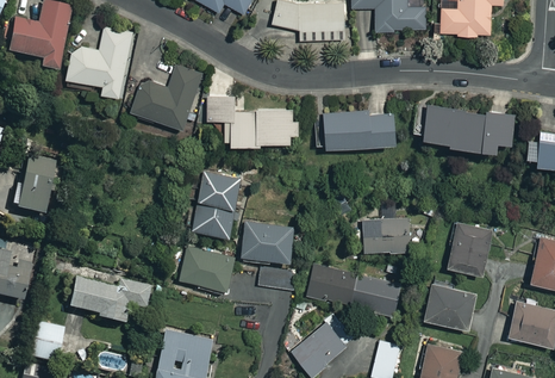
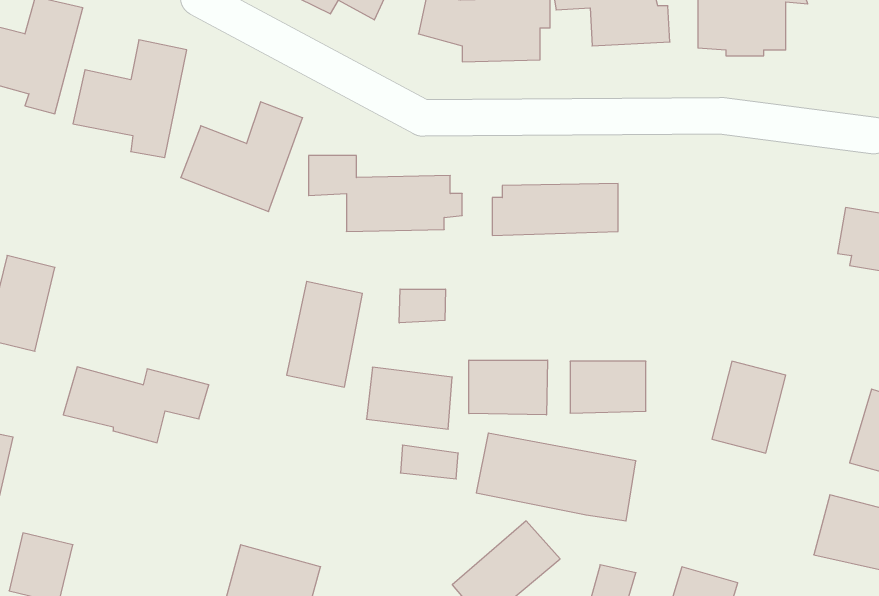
building: [416,104,515,147] -> none
building: none -> [399,289,445,323]
building: none -> [469,360,548,415]
building: [182,248,235,289] -> none
building: [67,278,154,323] -> [63,367,209,443]
building: [424,284,475,329] -> none

